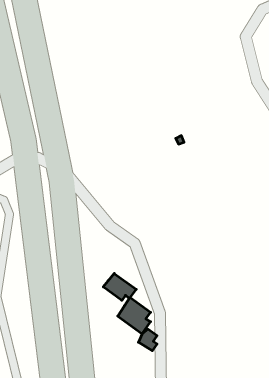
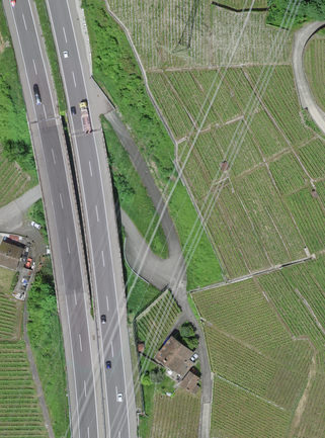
building: [103,273,136,300] -> none

